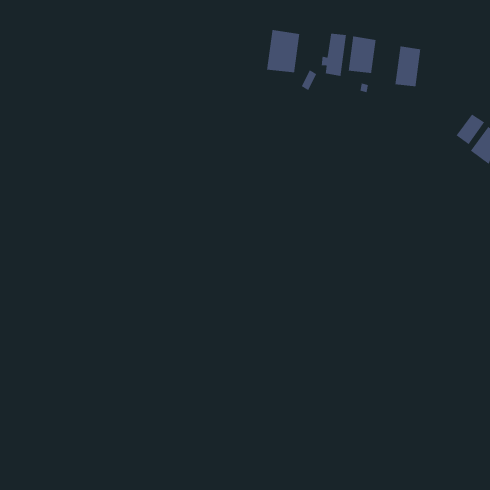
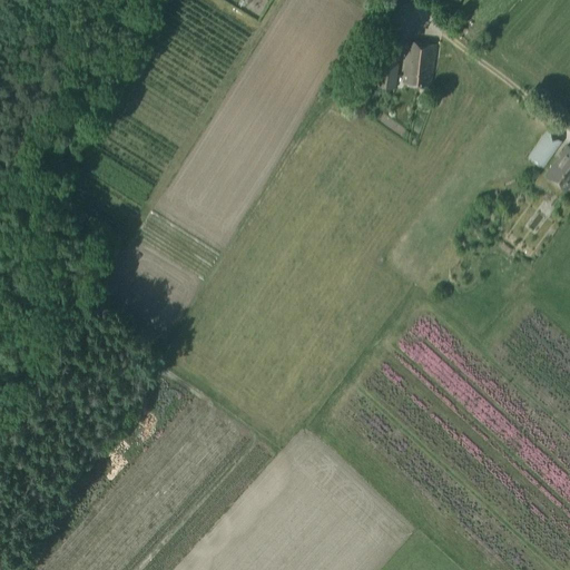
building: [266,29,300,73] -> none
building: [394,45,421,87] -> none

